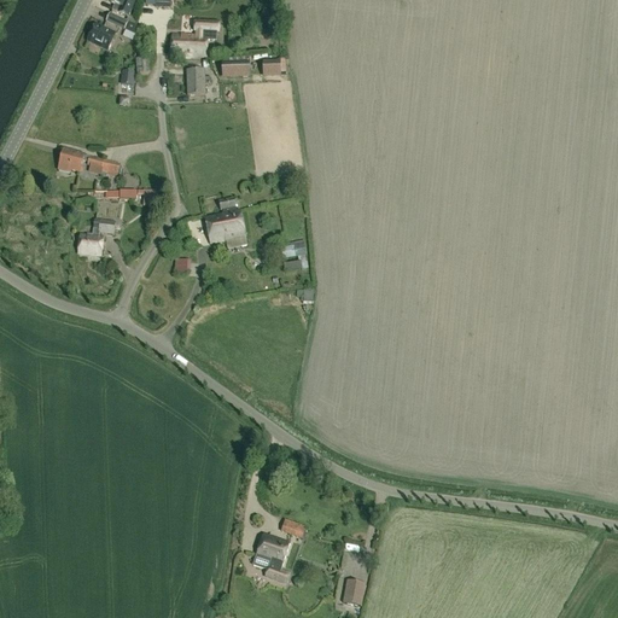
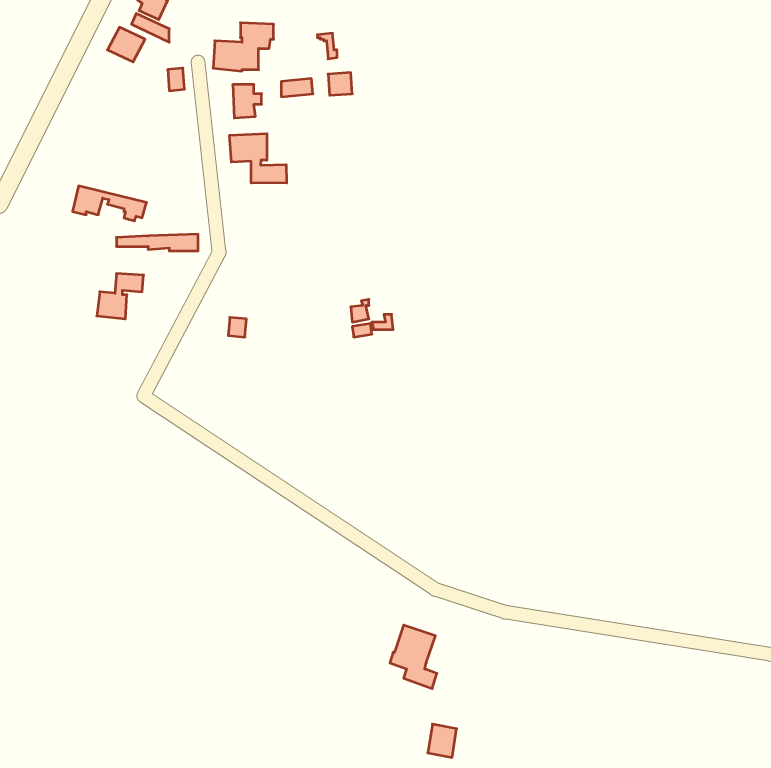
building: none -> [230,134,287,183]
building: [204,197,244,243] -> none
building: [252,532,290,583] -> [390,625,437,689]

